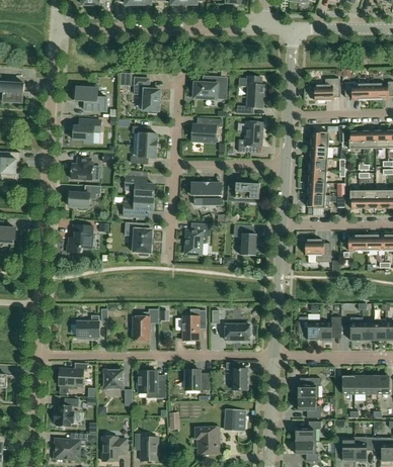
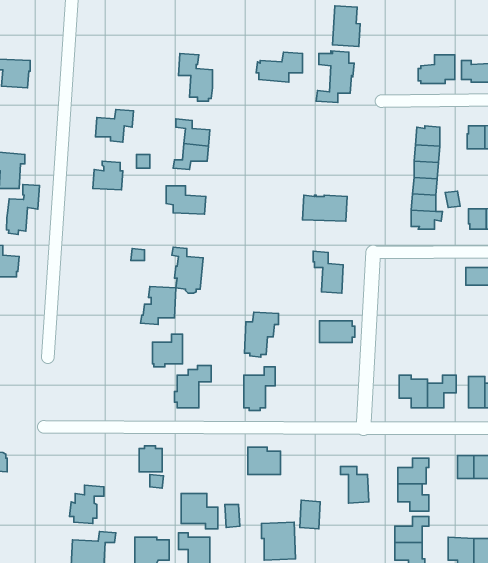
building: none -> [332,6,360,46]
building: [73,85,106,111] -> none
building: [190,118,221,144] -> none
building: [237,121,262,153] -> none
building: none -> [7,184,40,234]
building: [190,182,221,204] -> none
building: [69,185,100,207] -> none
building: [123,196,153,216] -> none
building: [184,223,210,257] -> [244,312,278,357]
building: [66,224,92,253] -> [140,287,176,325]
building: [303,241,330,262] -> none
building: [76,315,98,340] -> [152,334,182,367]
building: [225,324,251,341] -> [319,321,355,343]
building: [58,363,87,386] -> none
building: [226,363,247,390] -> [340,466,369,503]
building: [138,371,165,397] -> [181,494,218,529]

